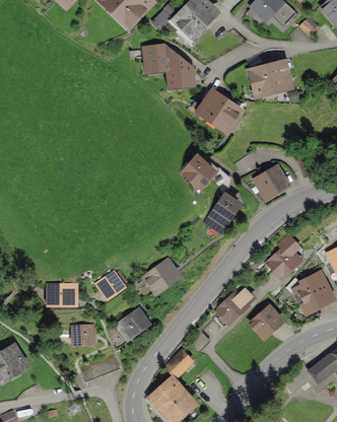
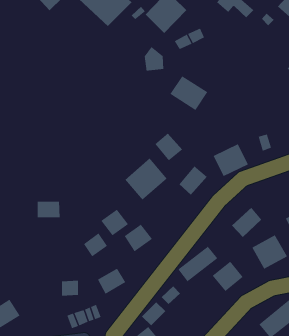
building: [146,46,177,69] -> none
building: [250,62,291,94] -> none
building: none -> [125,158,167,201]
building: none -> [100,209,129,236]
building: [50,284,77,303] -> [37,201,61,218]

